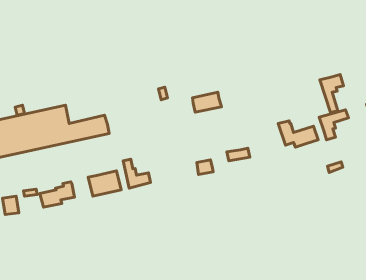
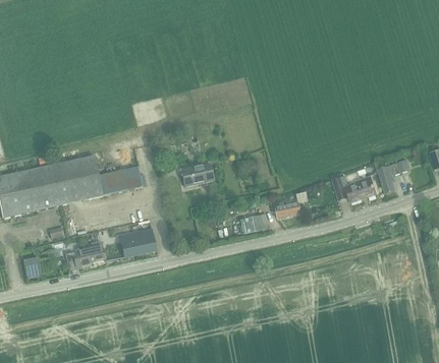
building: [320,74,343,113] -> none
building: [192,92,222,112] -> [181,163,214,185]
building: [123,159,151,188] -> none

